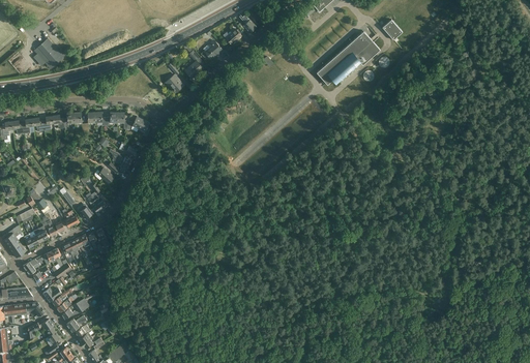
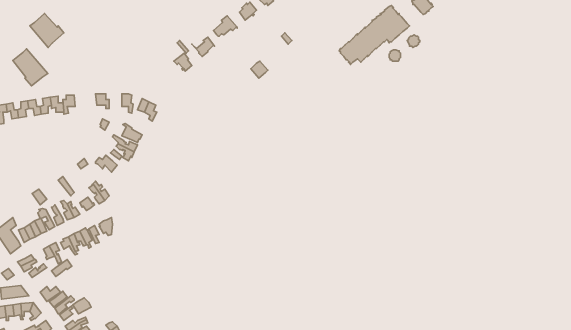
building: none -> [13,49,48,86]

